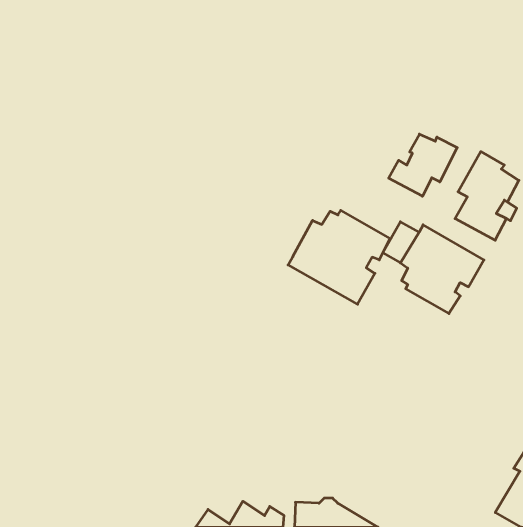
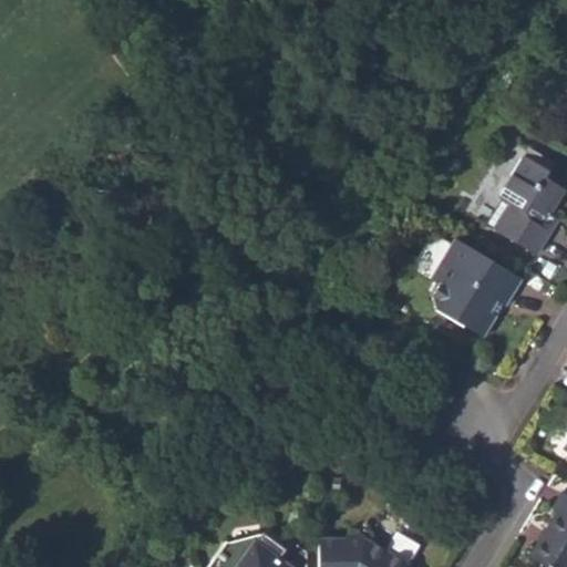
building: [389,134,457,196] -> none
building: [288,210,390,304] -> none

